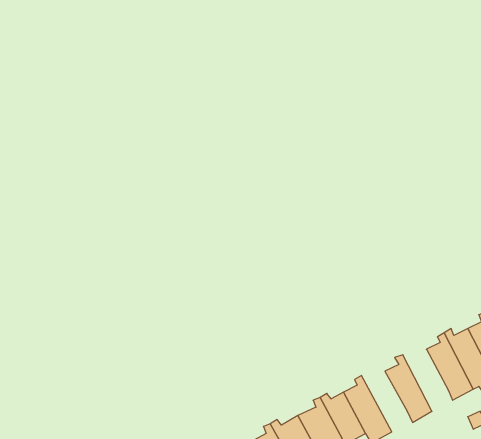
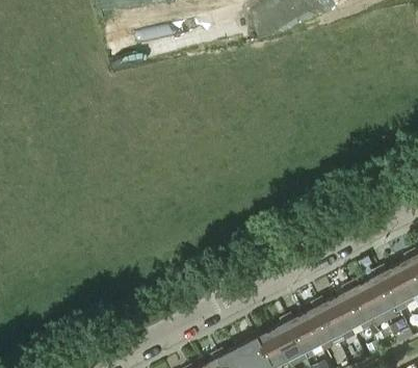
building: none -> [318,295,356,342]
building: none -> [287,312,325,358]

